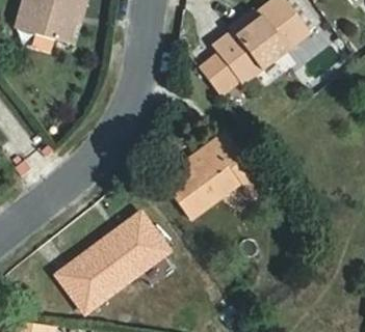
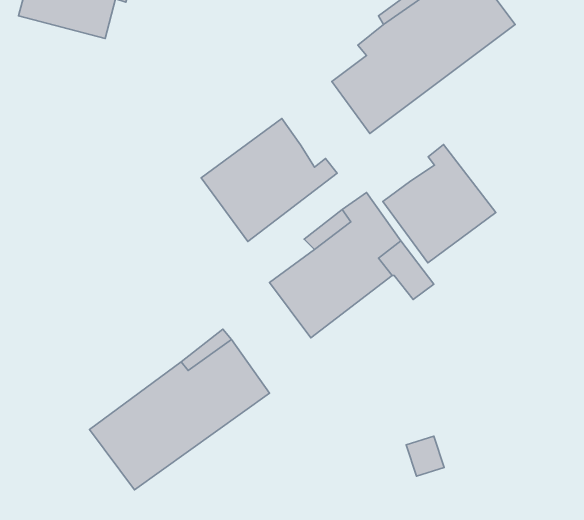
building: none -> [201,118,337,242]
building: none -> [383,144,496,263]

